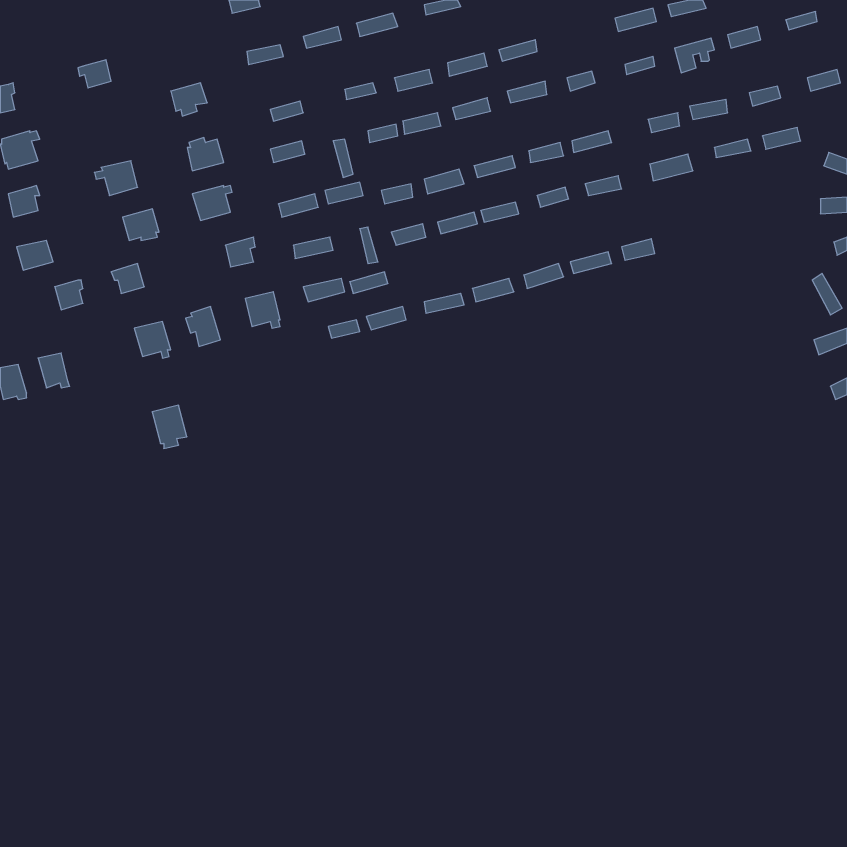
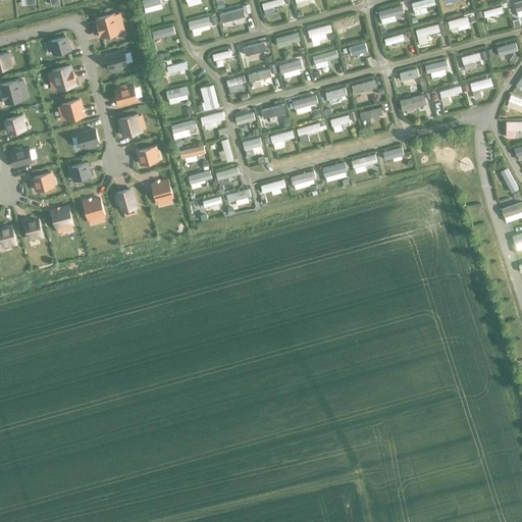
building: none -> [96,13,120,38]
building: none -> [48,66,75,90]
building: [152,405,187,448] -> [51,206,72,232]

